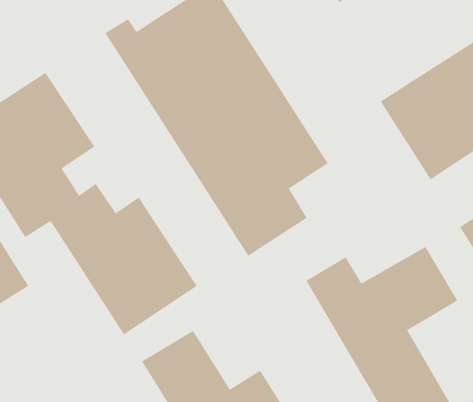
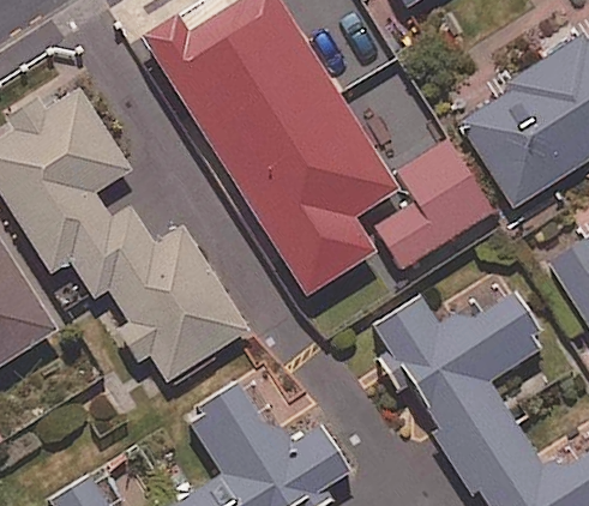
building: none -> [373,141,492,272]

